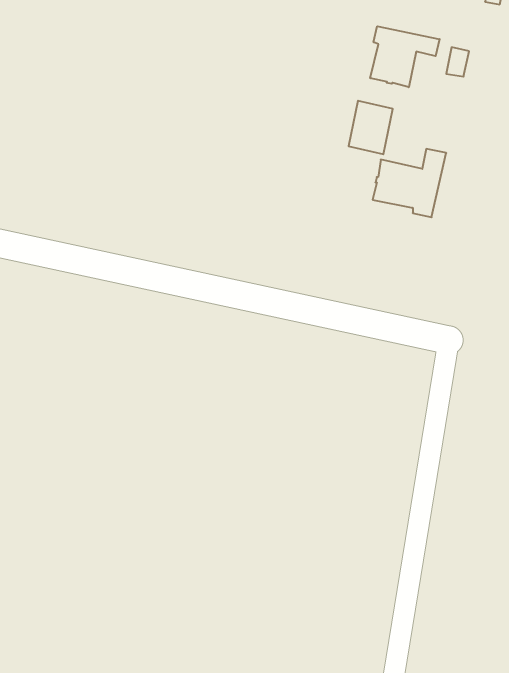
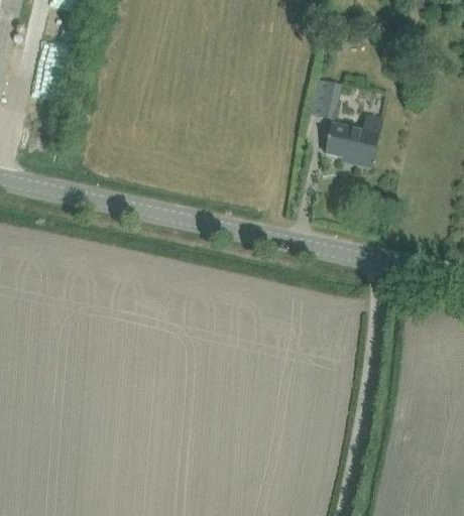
building: [370,26,440,87] -> none

